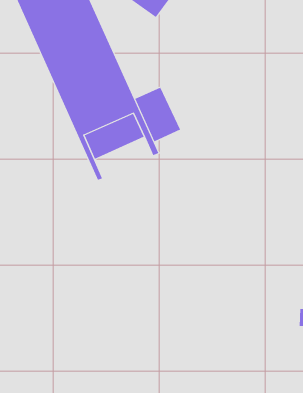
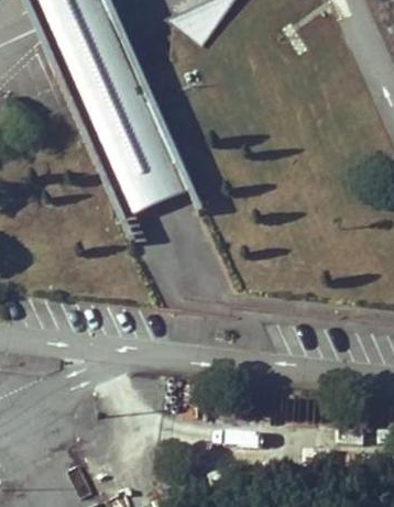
building: [134,87,181,142] -> none

